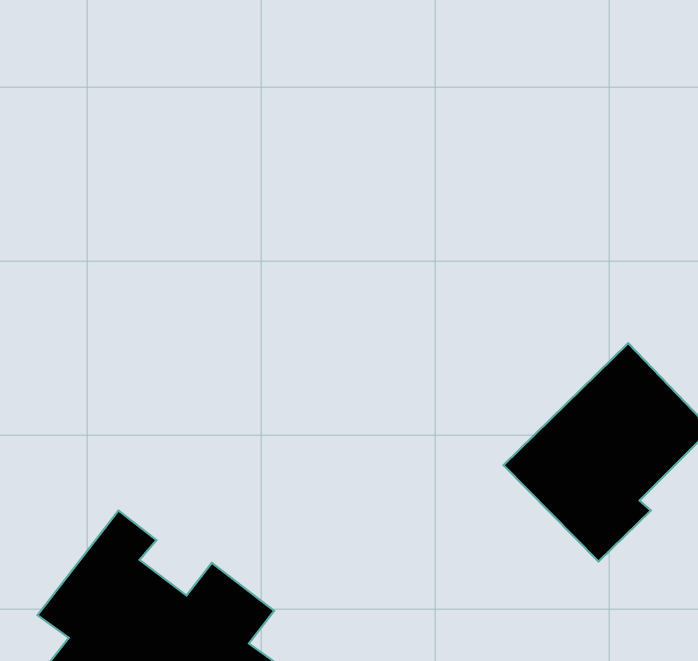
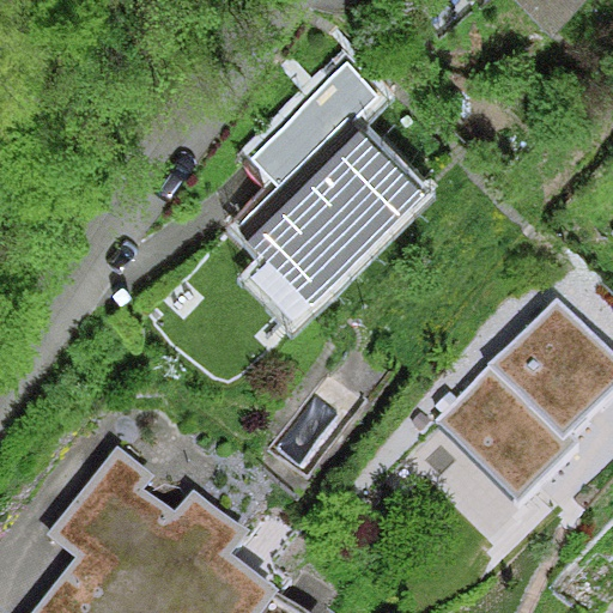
building: none -> [236,61,412,279]

